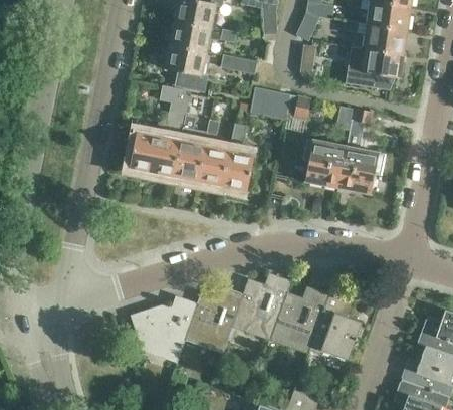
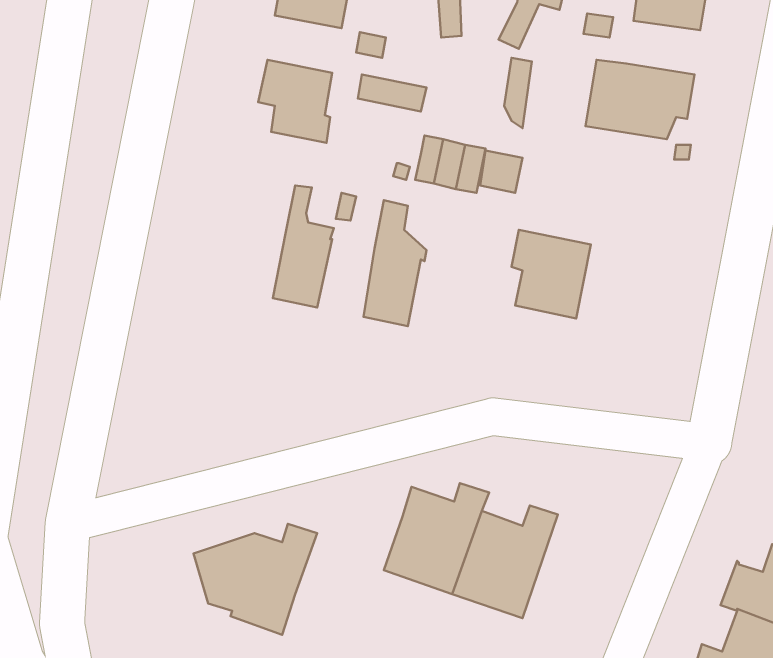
building: [171,22,211,53] -> none
building: [366,25,406,54] -> none
building: [130,85,191,176] -> none
building: [338,109,385,193] -> none
building: [198,144,229,186] -> none
building: [309,284,362,359] -> none
building: [186,289,244,353] -> none

